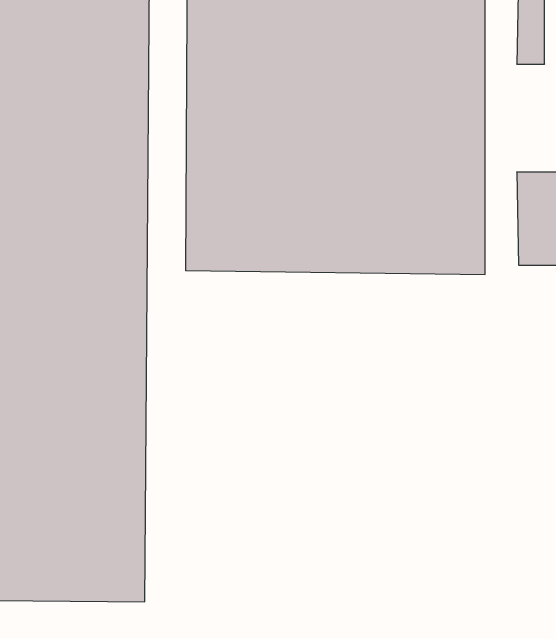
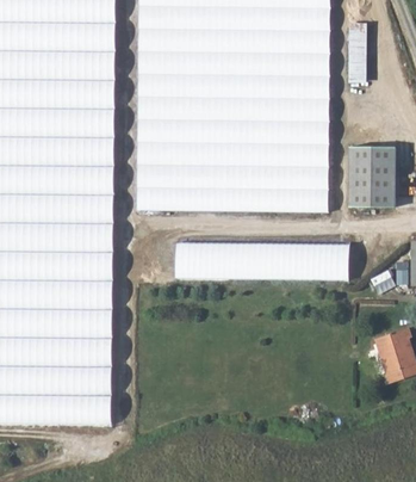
building: none -> [175,241,352,280]

